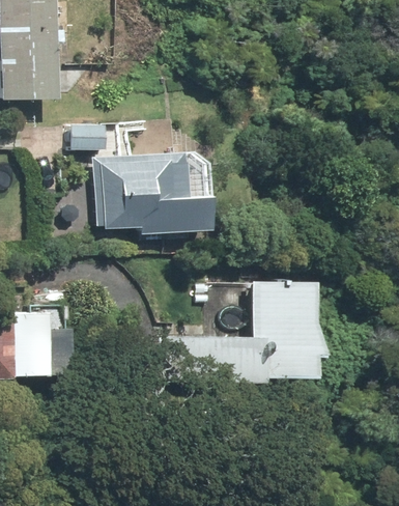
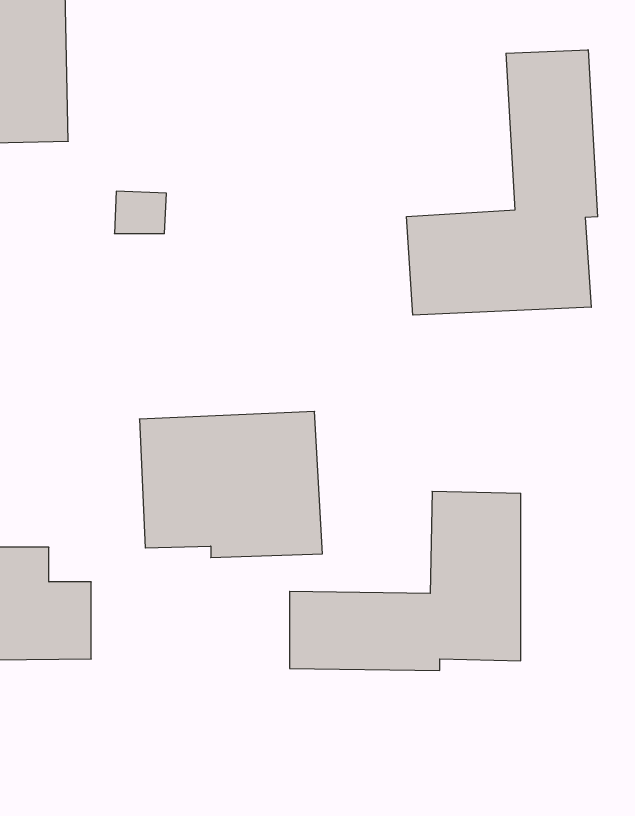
building: none -> [407,50,598,315]
building: [106,154,204,233] -> [139,411,322,558]

